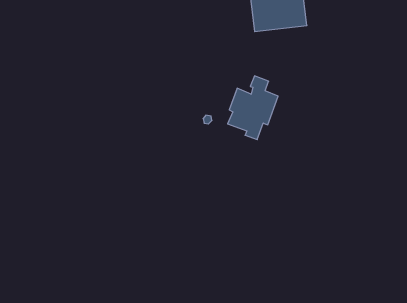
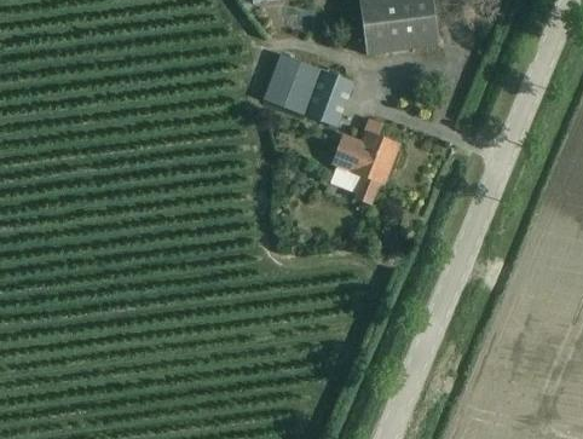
building: none -> [264,51,353,126]

